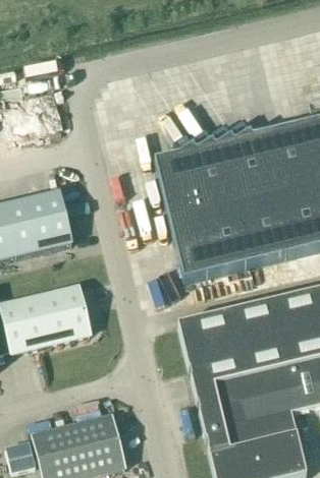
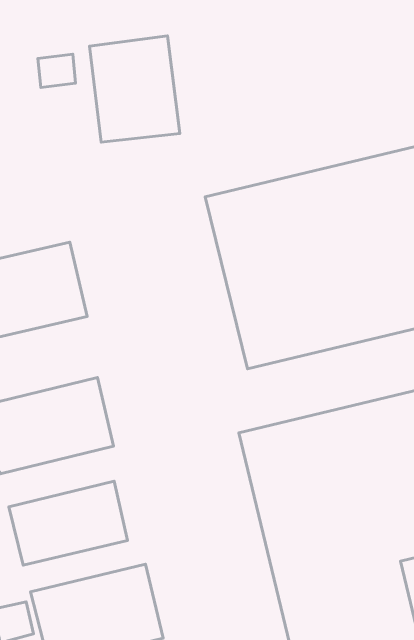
building: none -> [90,36,180,142]
building: none -> [9,481,127,565]

